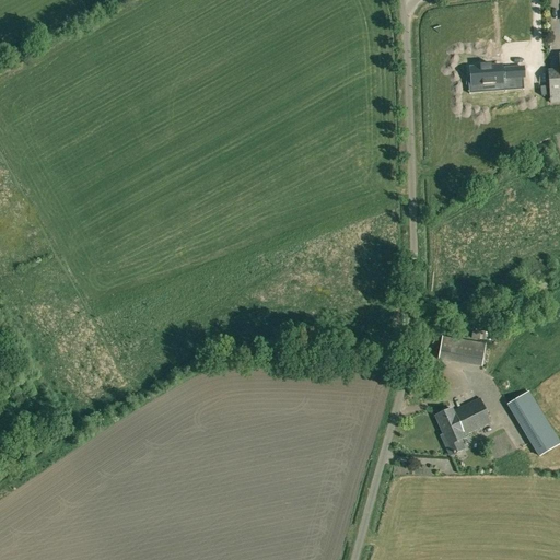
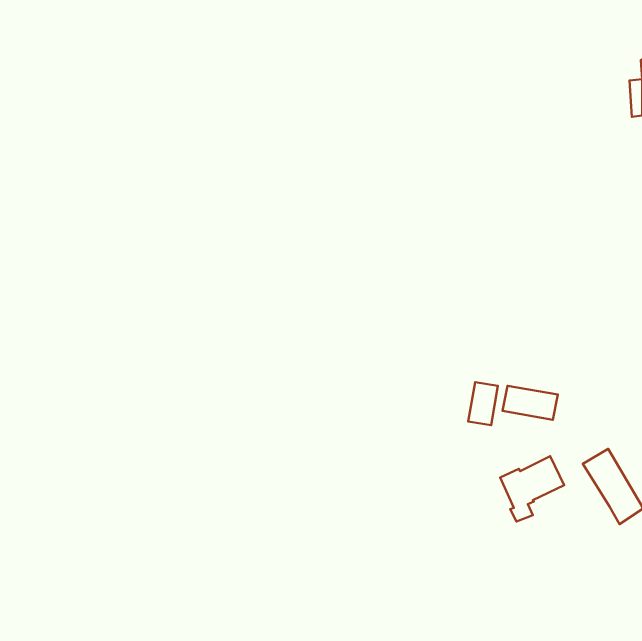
building: [470,63,524,84] -> none
building: none -> [468,382,498,425]

